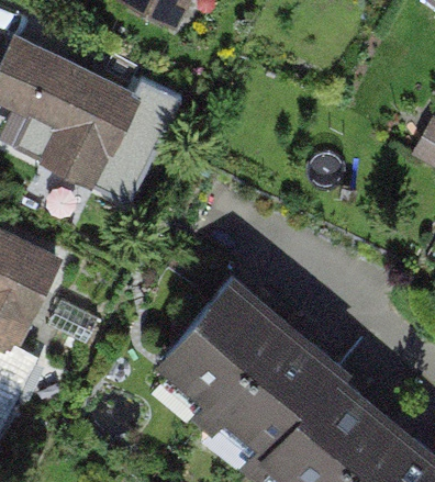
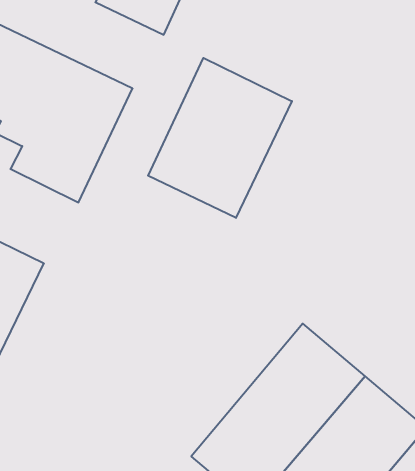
building: none -> [148,58,292,218]
building: [144,267,303,436] -> none

